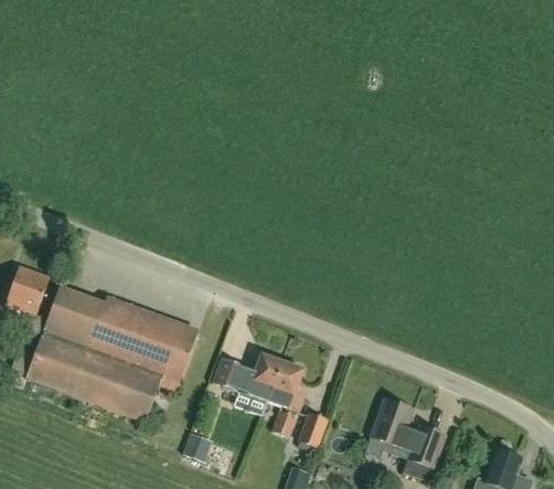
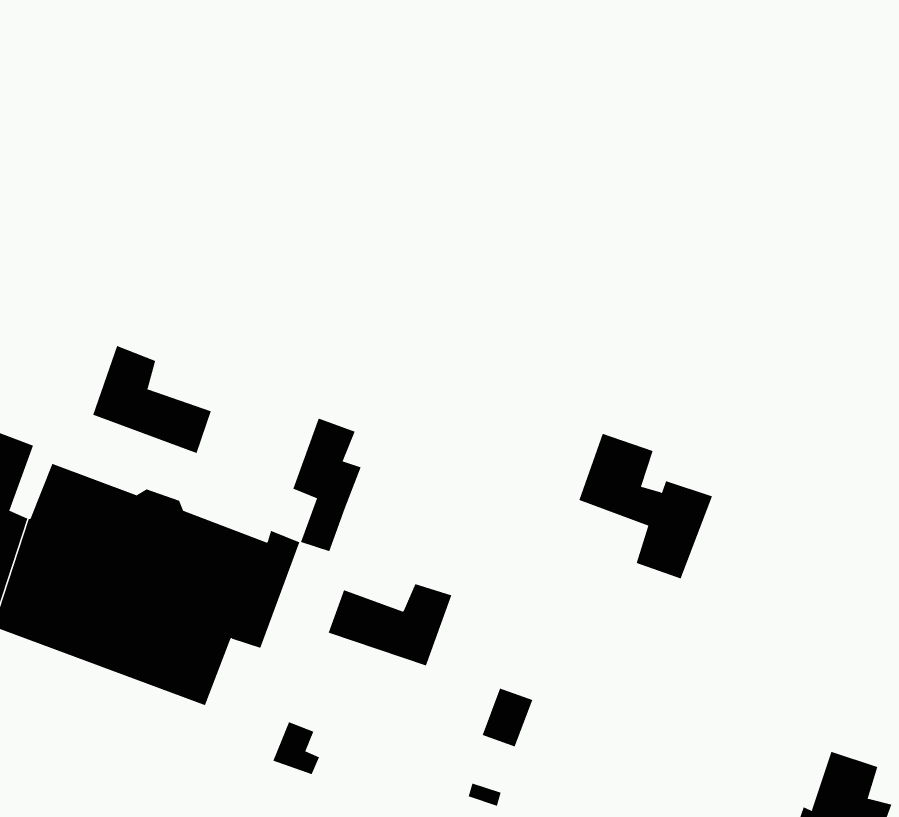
building: none -> [93,345,212,454]
building: [268,360,307,435] -> [292,418,361,552]
building: [371,397,446,479] -> [579,433,713,579]

